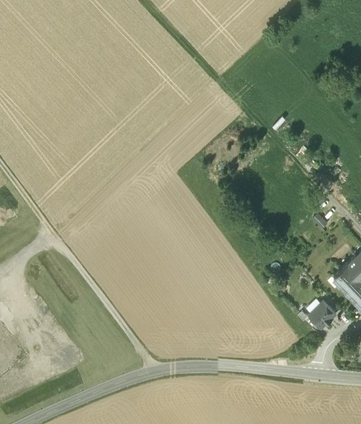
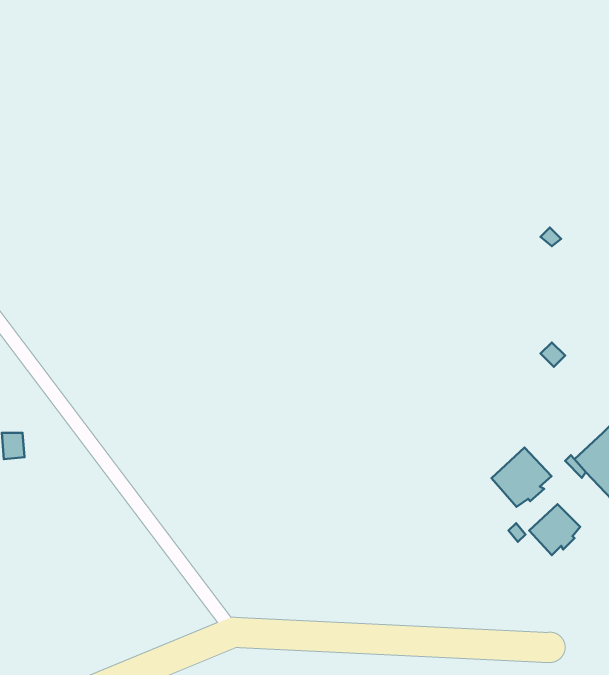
building: none -> [492,448,552,507]

